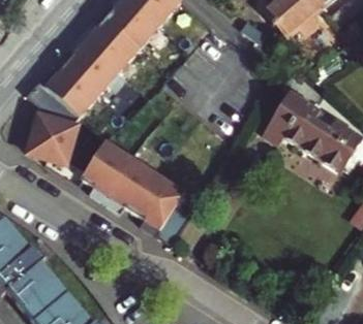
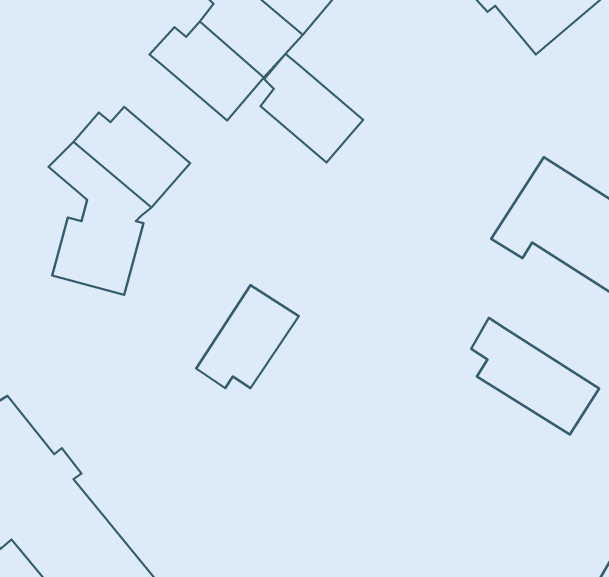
building: [67,34,122,92] -> [260,54,363,163]
building: [84,140,134,201] -> none
building: [134,173,191,245] -> none
building: none -> [471,318,599,434]

